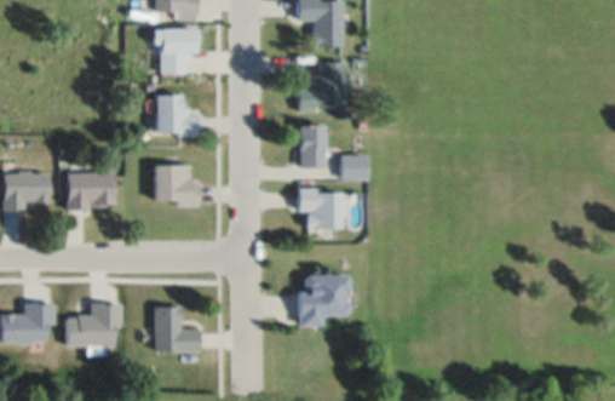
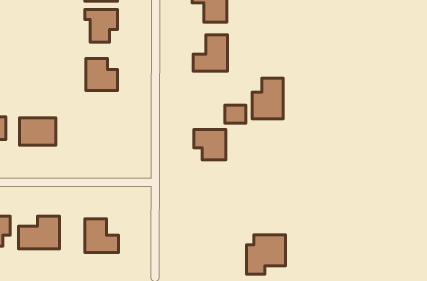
building: none -> [252,78,283,119]
building: [299,126,324,168] -> none
building: [154,165,196,205] -> none
building: [298,275,350,327] -> [247,235,286,274]

